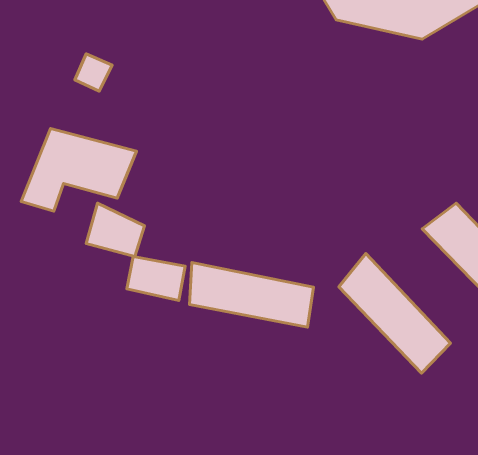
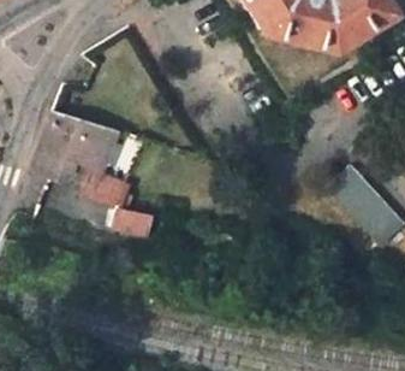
building: [339,253,450,373] -> none
building: [189,263,314,327] -> none

